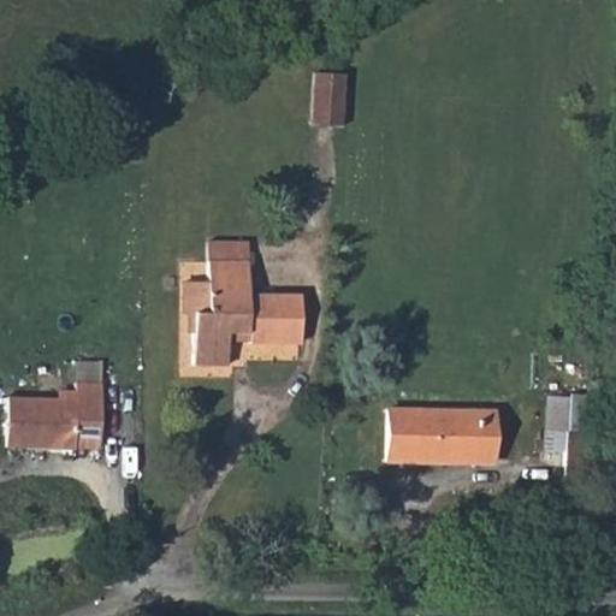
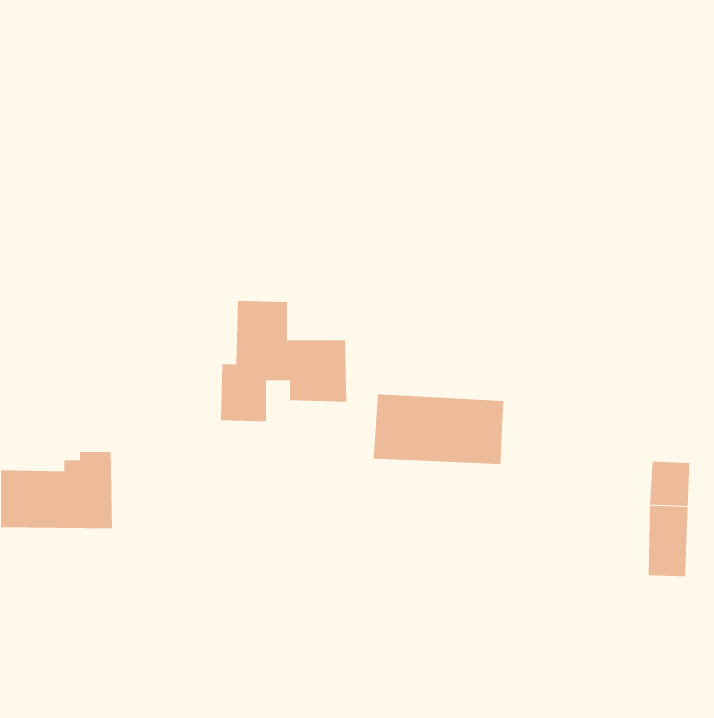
building: [306,79,339,128] -> none
building: [387,402,499,462] -> [373,394,504,464]

